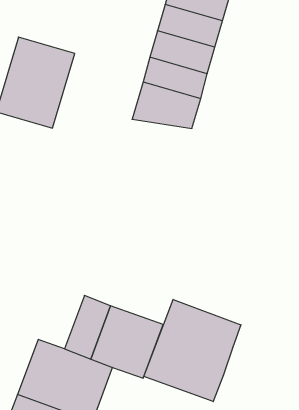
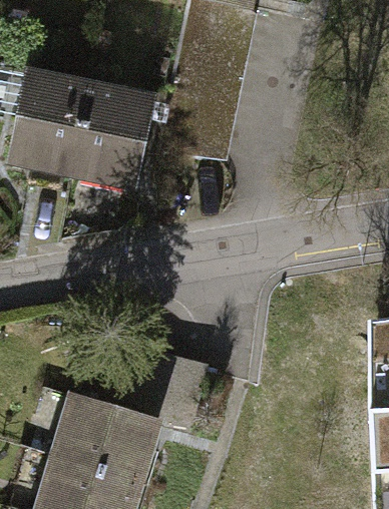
building: none -> [72,86,154,182]
building: [144,299,241,402] -> none

